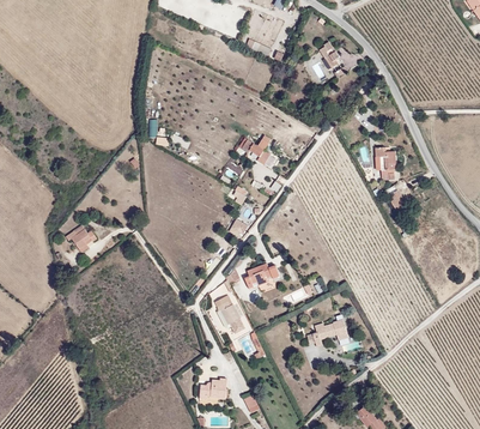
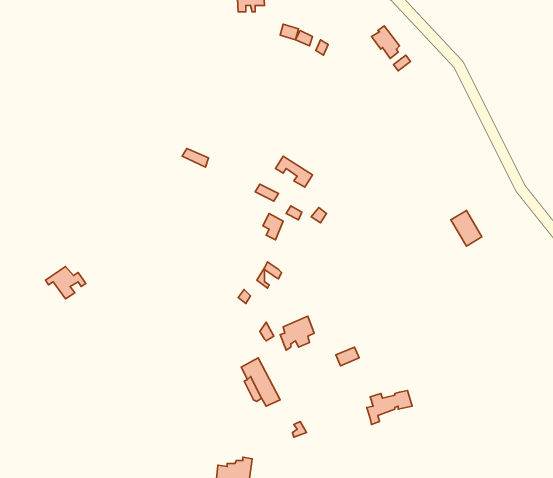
building: [375,145,395,179] -> none

